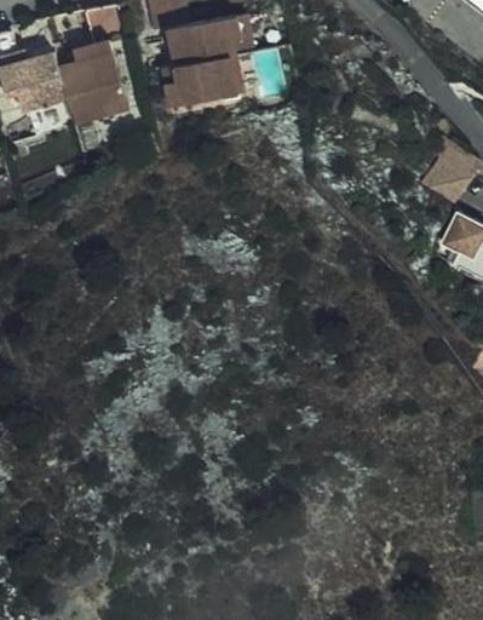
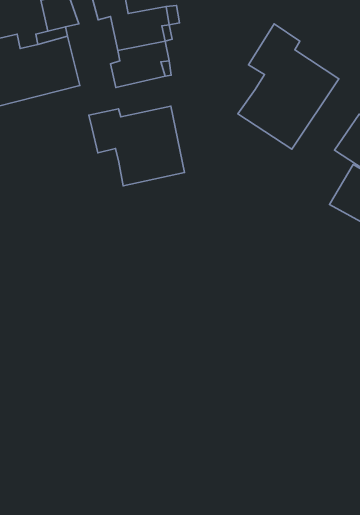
building: none -> [238,24,339,149]
building: none -> [89,106,184,186]

